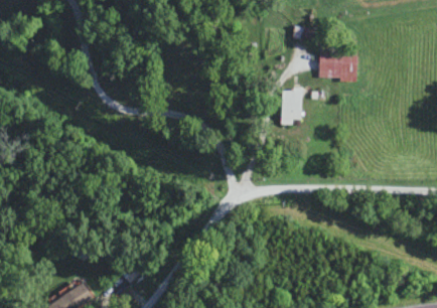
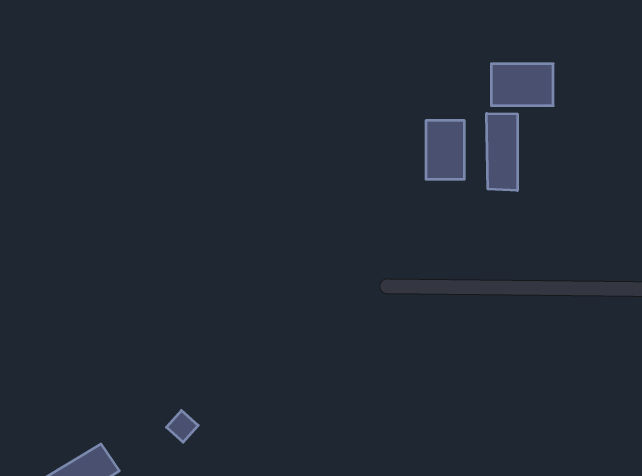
building: none -> [487,113,517,191]

